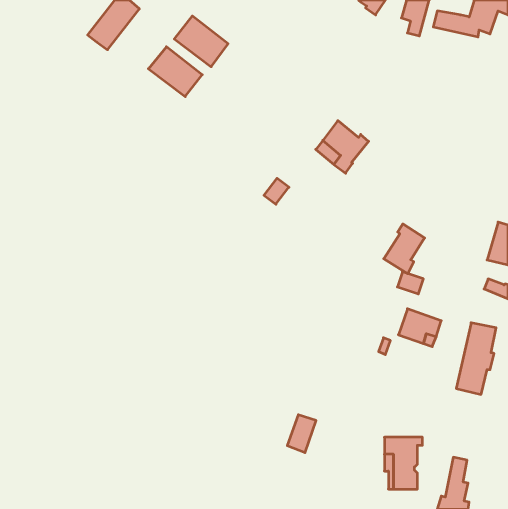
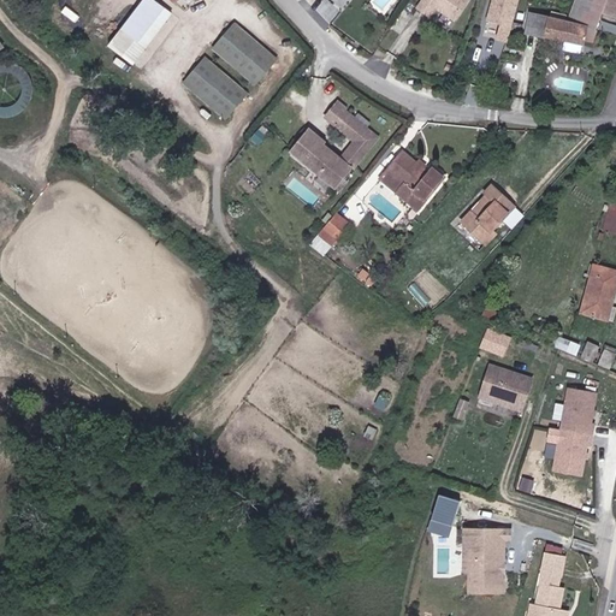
building: none -> [283,112,372,192]
building: [384,224,425,274] -> [463,182,513,242]
building: [287,415,316,453] -> [424,494,458,540]

